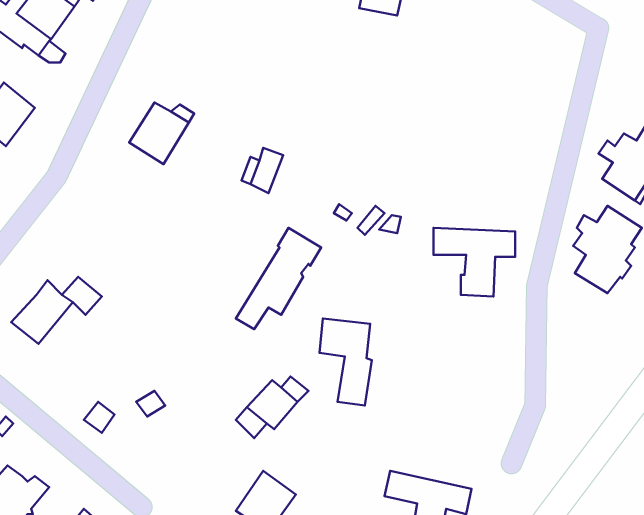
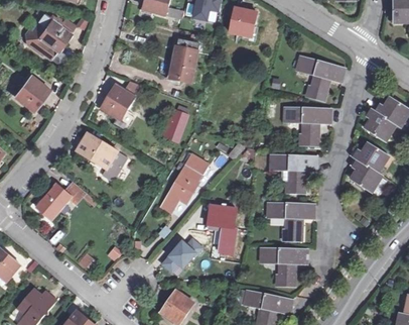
building: none -> [170,38,200,81]
building: none -> [296,57,345,101]
building: none -> [284,107,330,145]
building: none -> [75,134,126,180]
building: none -> [268,203,314,240]
building: none -> [261,247,307,285]

